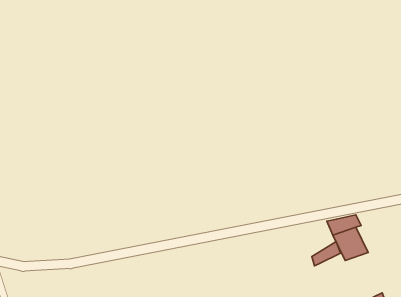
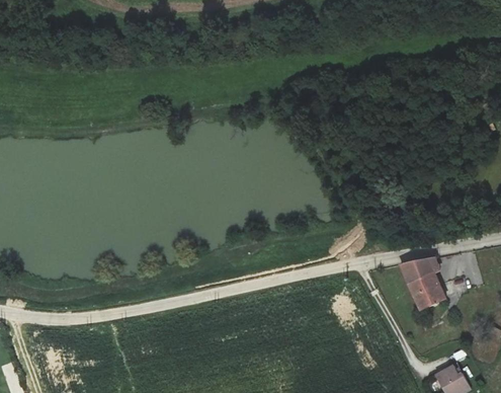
building: [312,241,341,266] -> none

